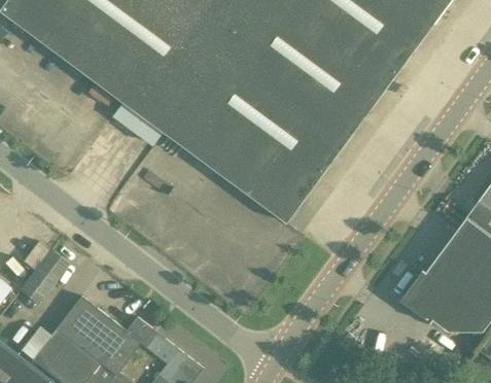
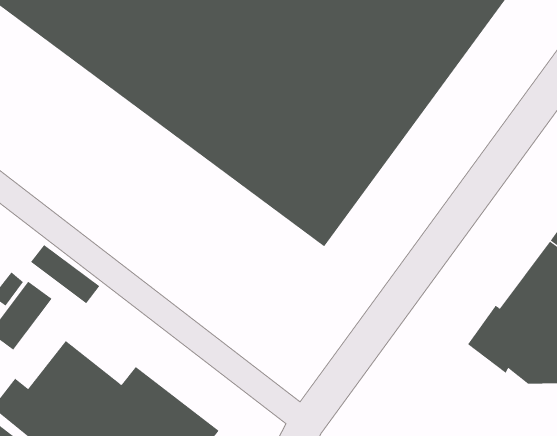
building: none -> [30,244,100,304]

